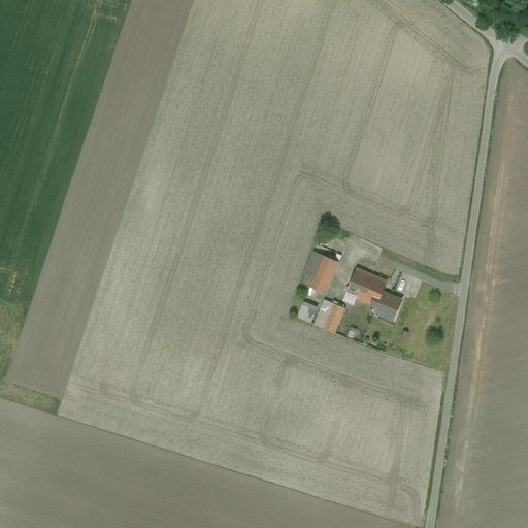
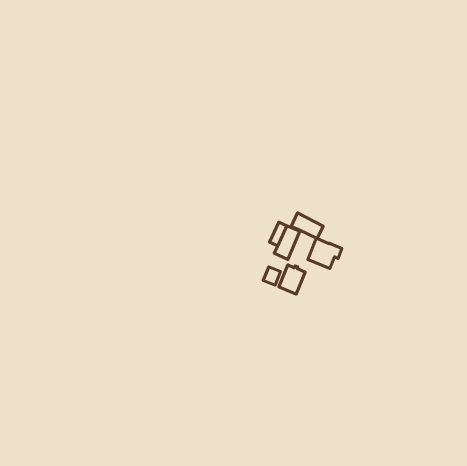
building: none -> [291,213,323,238]
building: [372,290,400,319] -> none

